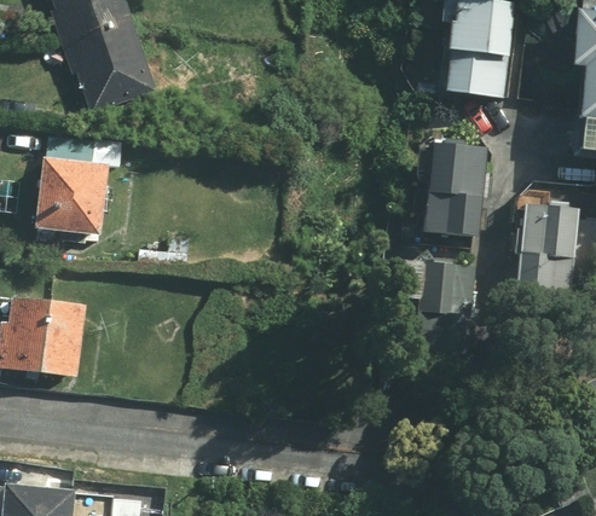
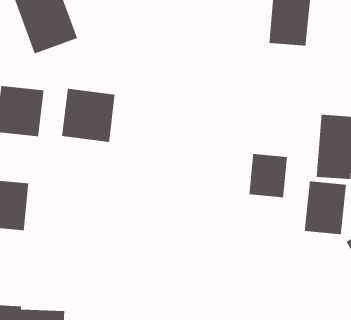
building: [426,141,486,234] -> none
building: none -> [61,88,115,143]
building: none -> [304,180,347,235]

